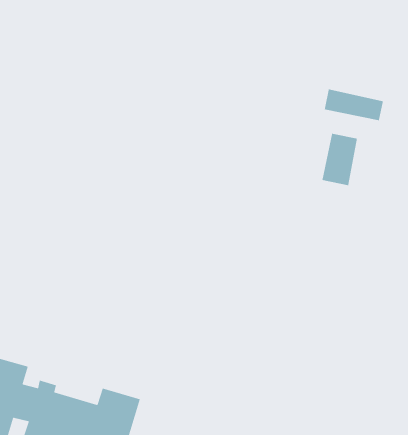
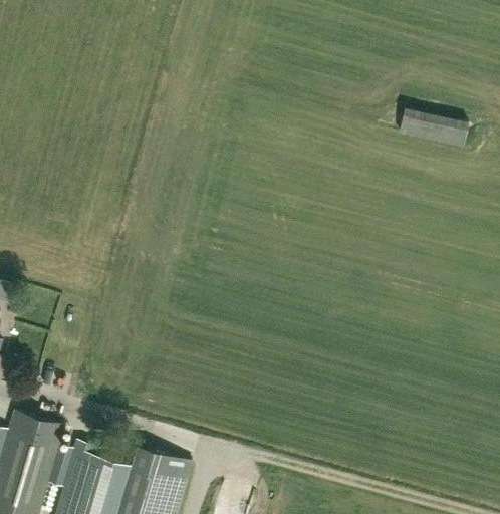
building: [322,133,358,186] -> none

